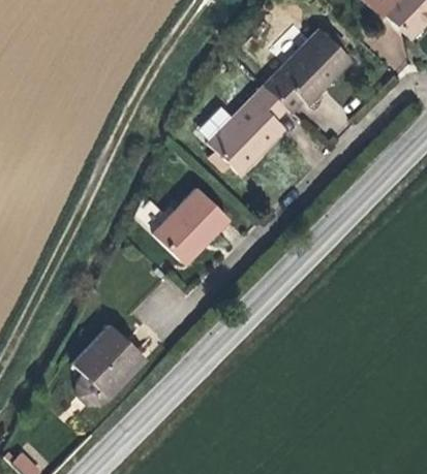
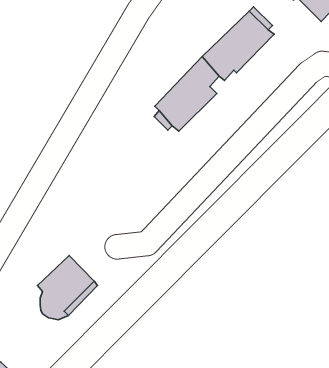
building: [152,185,227,262] -> none

